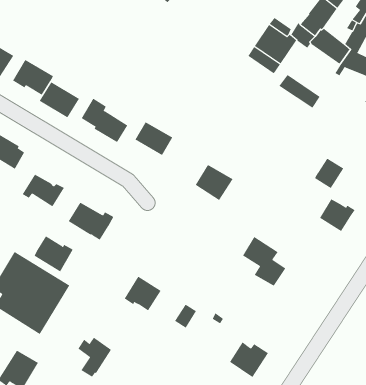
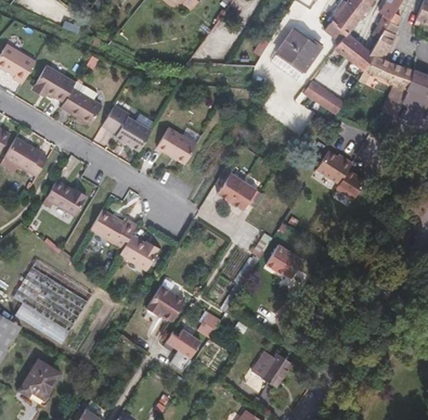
building: [319,198,356,232] -> [319,147,355,180]
building: [34,236,74,272] -> [119,234,159,271]
building: [77,337,112,378] -> [166,330,200,371]

